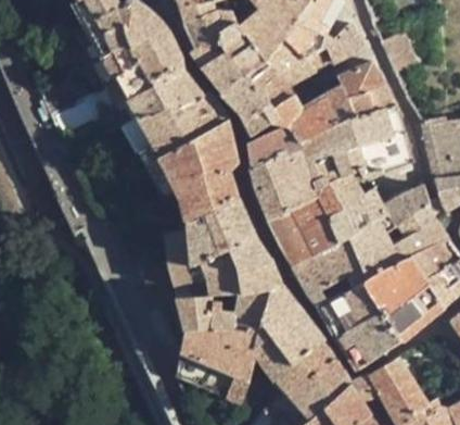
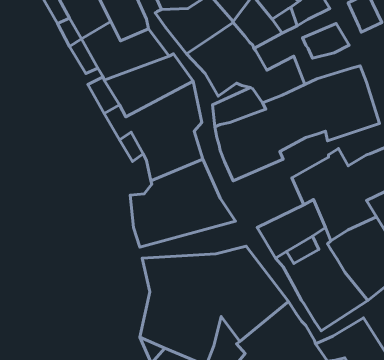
building: [330,83,396,122] -> none
building: [269,172,365,265] -> none
building: [176,259,282,296] -> none

